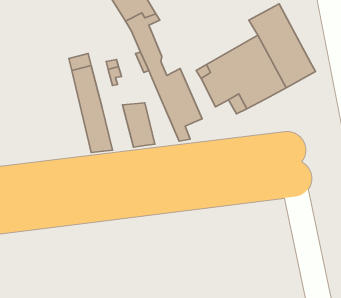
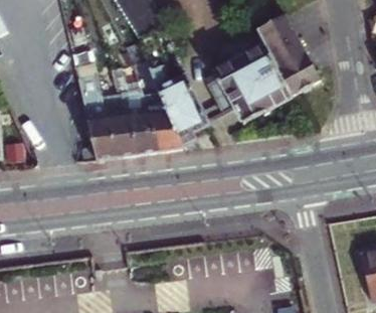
building: none -> [147,91,186,152]
building: none -> [110,113,141,158]

